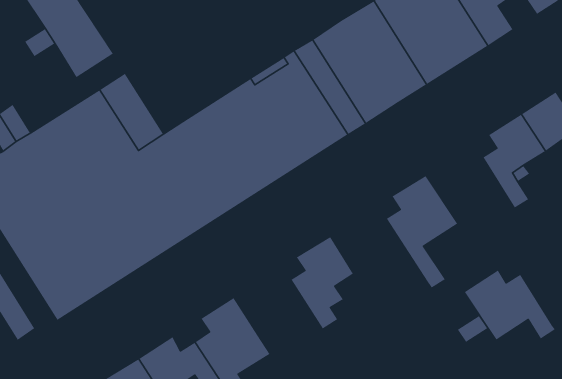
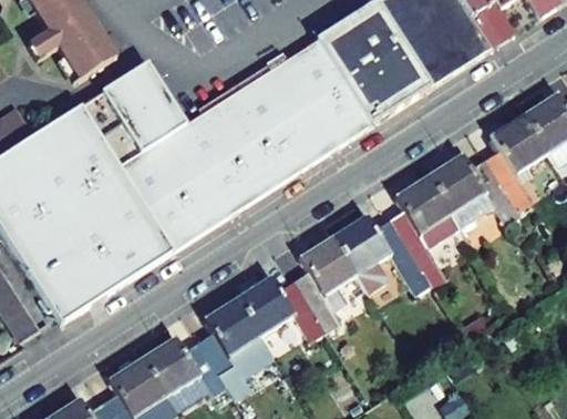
building: none -> [127,62,185,135]
building: none -> [332,215,429,293]
building: [464,269,556,341] -> [427,154,519,225]
building: none -> [236,276,324,340]

